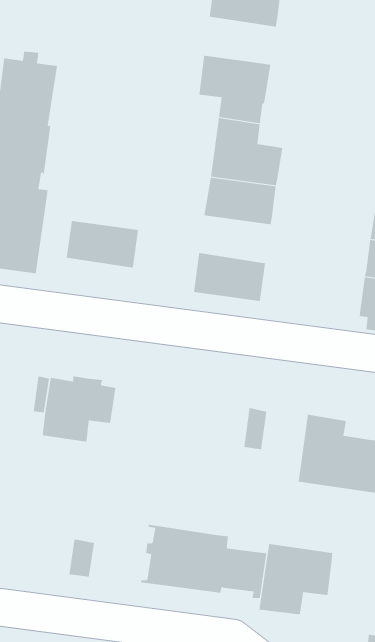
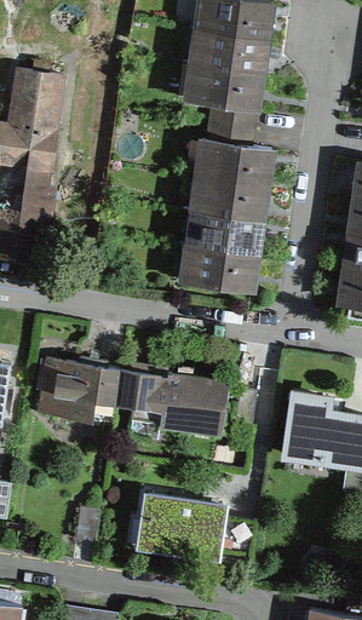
building: none -> [199,30,265,74]
building: [66,221,139,268] -> [194,212,260,256]
building: none -> [114,366,223,431]
building: [259,543,333,615] -> none

